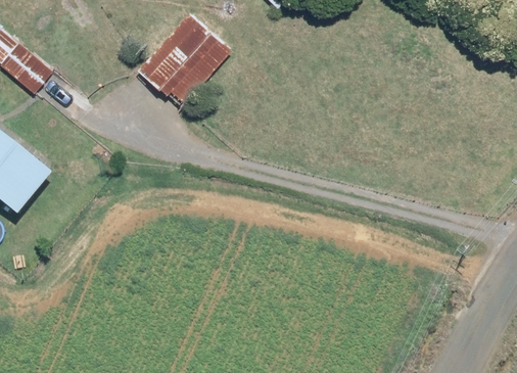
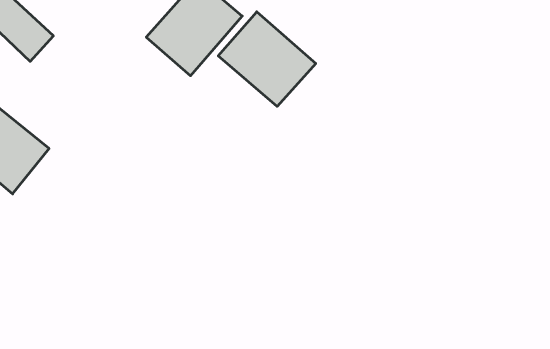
building: none -> [218,12,316,106]

